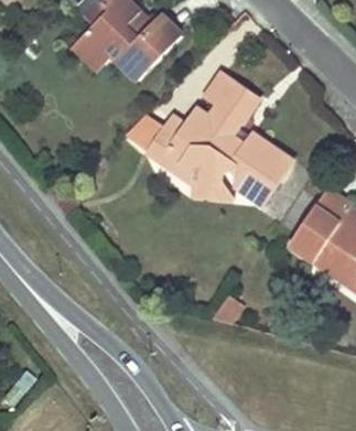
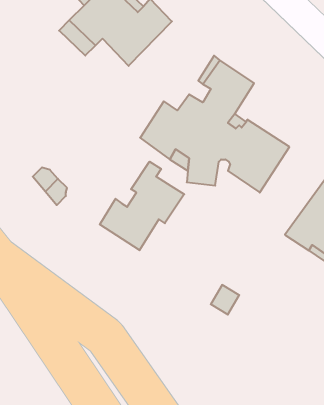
building: none -> [100,162,184,250]

